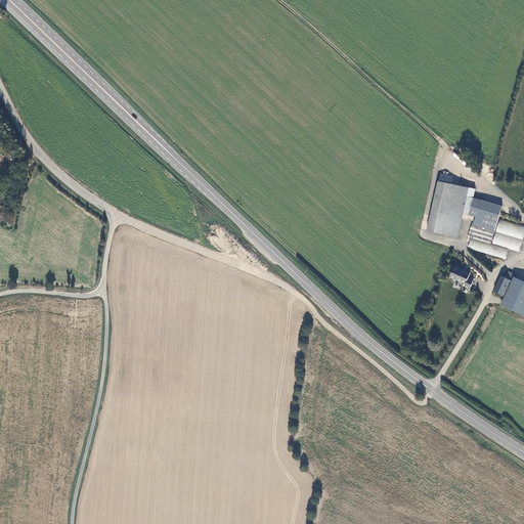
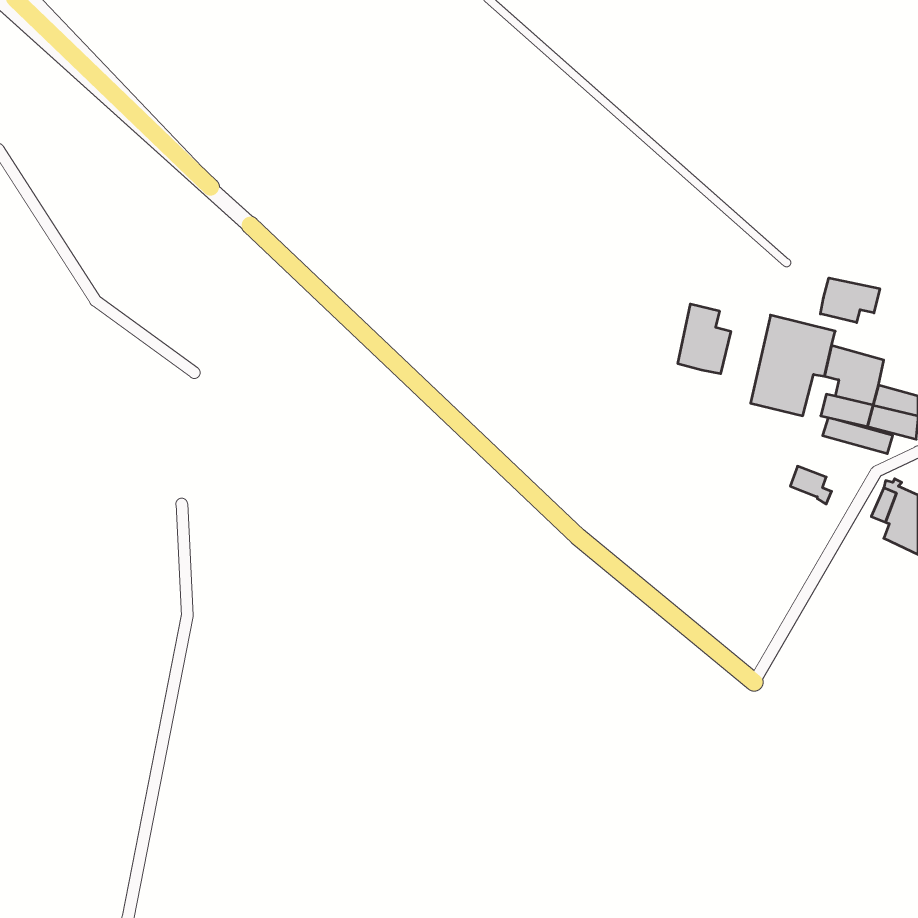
building: none -> [820,278,880,323]
building: none -> [678,304,731,374]

